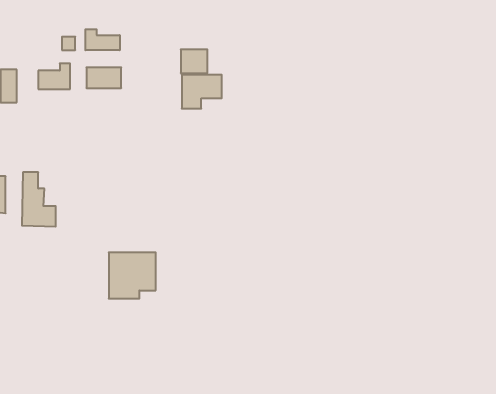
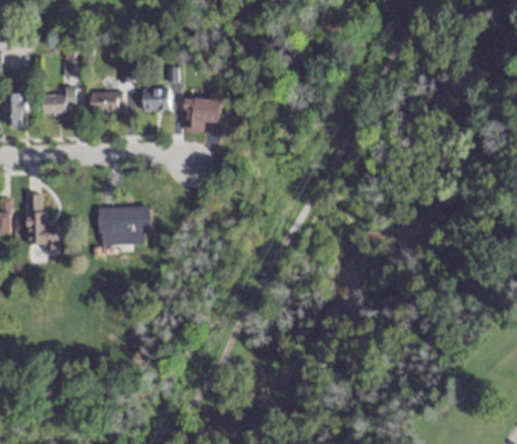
building: [85,29,120,50] -> none
building: [181,49,207,73] -> [143,87,170,110]
building: [109,252,156,299] -> [101,207,147,252]

